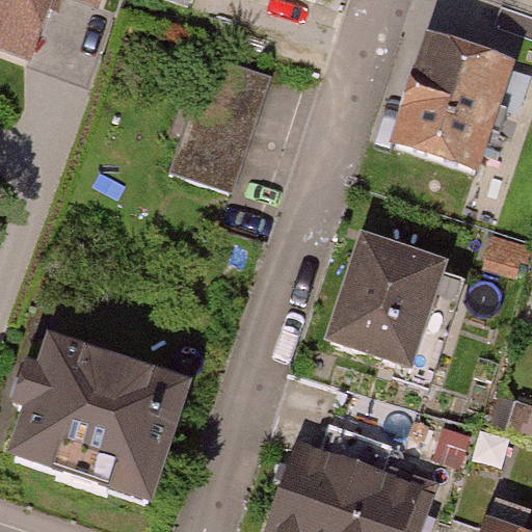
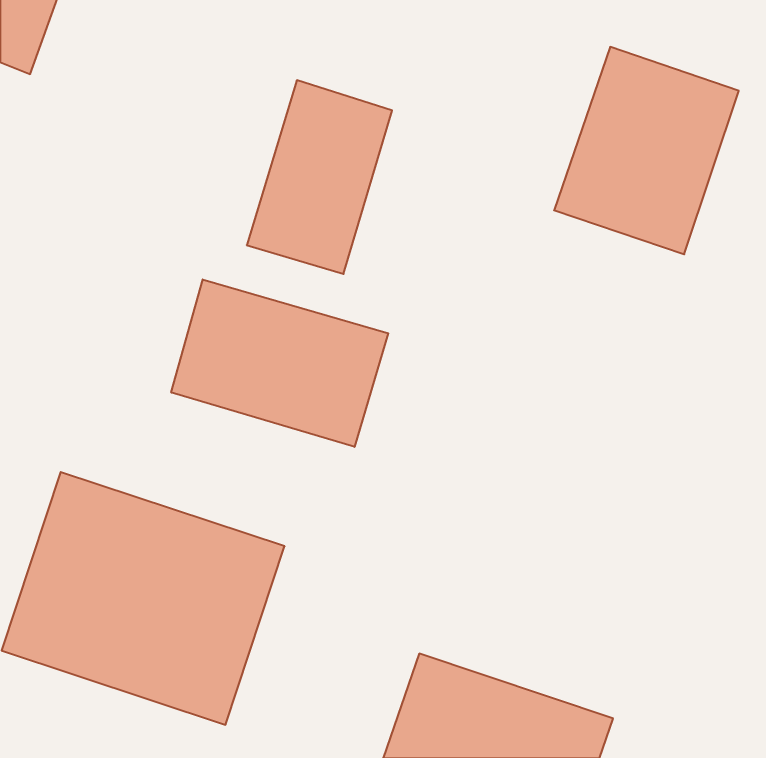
building: none -> [171,279,388,447]
building: [320,239,449,374] -> none

